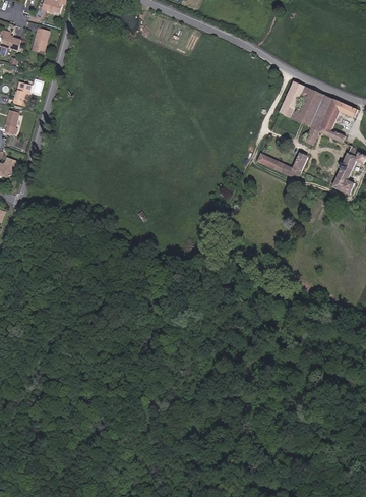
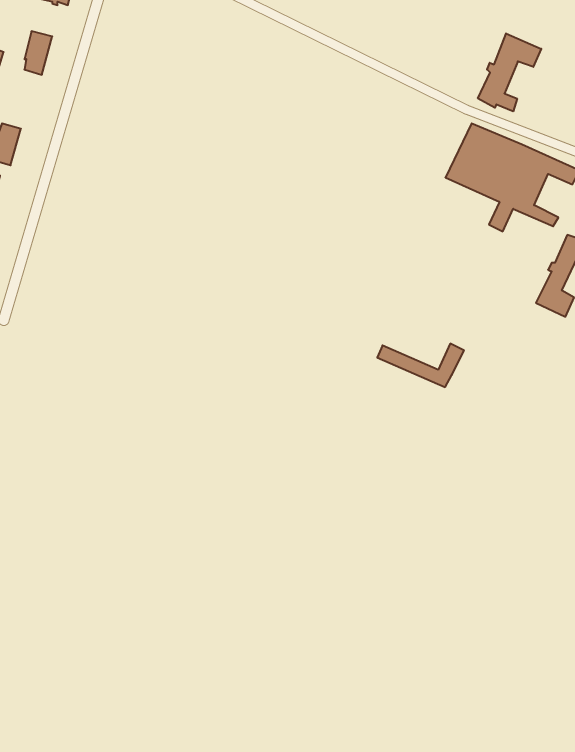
building: none -> [478,33,541,111]
building: [256,153,307,178] -> [377,344,464,387]

